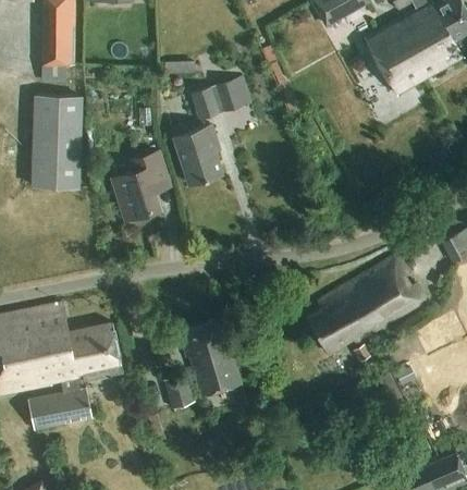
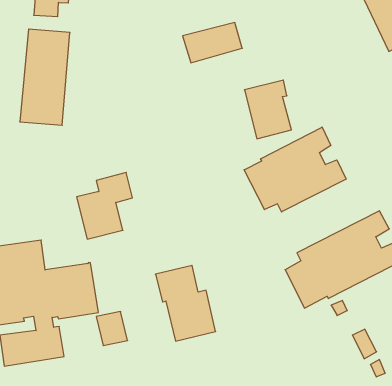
building: [173,125,222,185] -> [244,80,291,139]
building: [112,151,168,220] -> [77,172,132,239]
building: none -> [244,127,346,212]
building: [163,373,196,408] -> [96,312,128,346]

